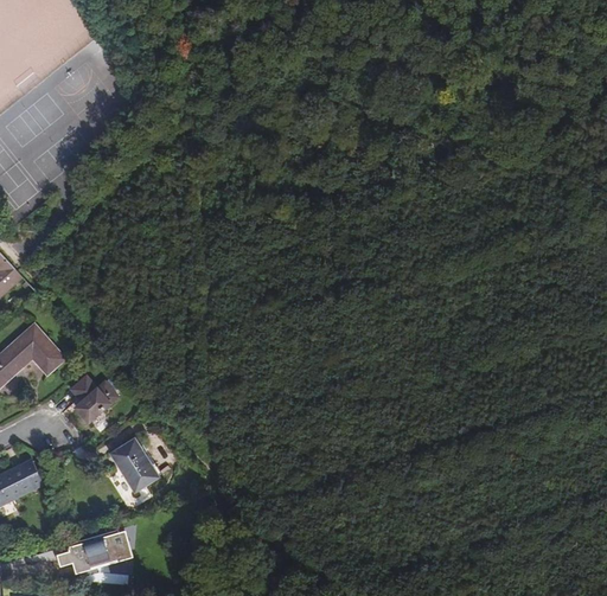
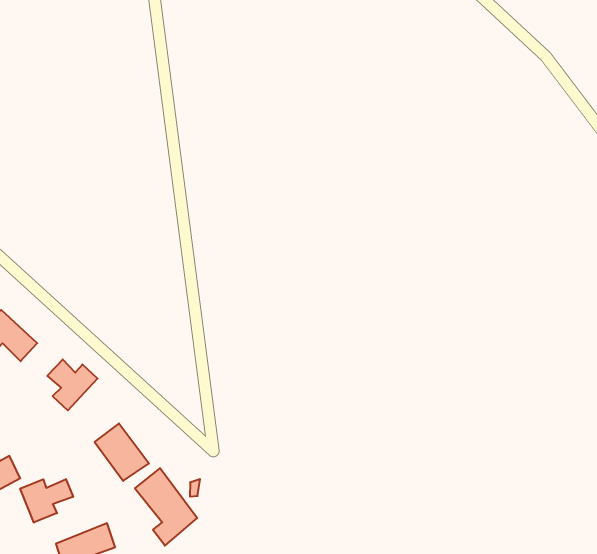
building: none -> [135,468,197,546]
building: none -> [20,479,73,523]

